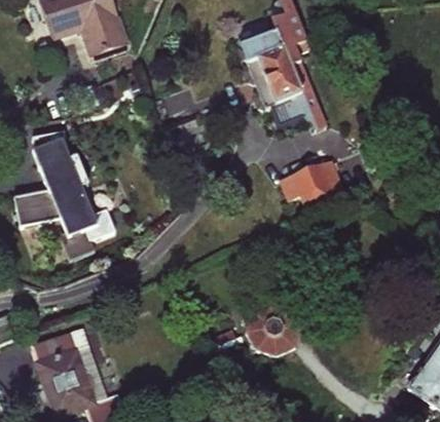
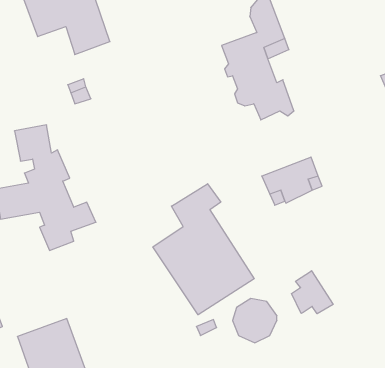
building: none -> [153,184,254,315]
building: none -> [291,271,333,314]

